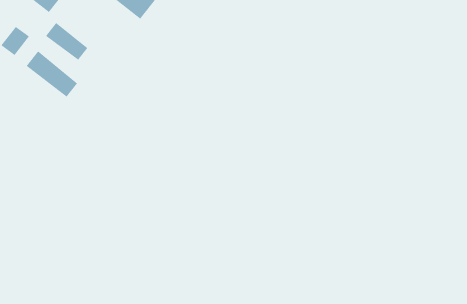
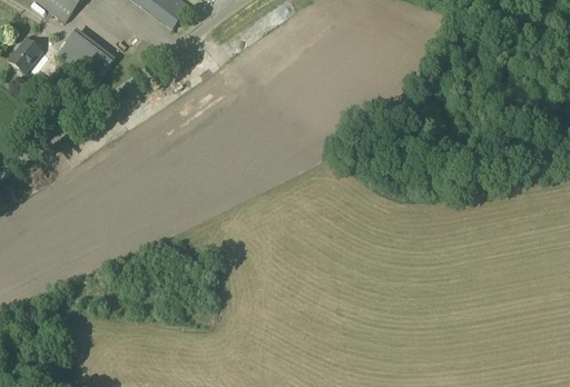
building: [26,50,78,98] -> none

